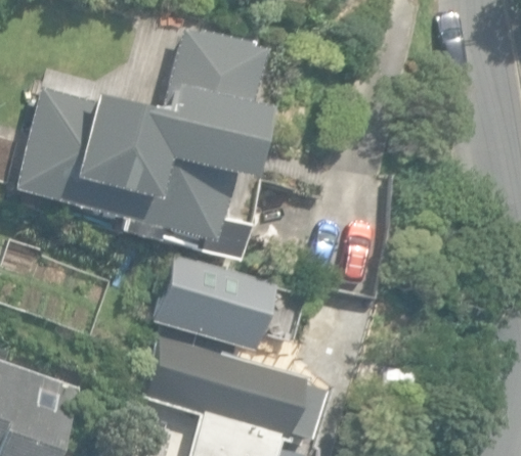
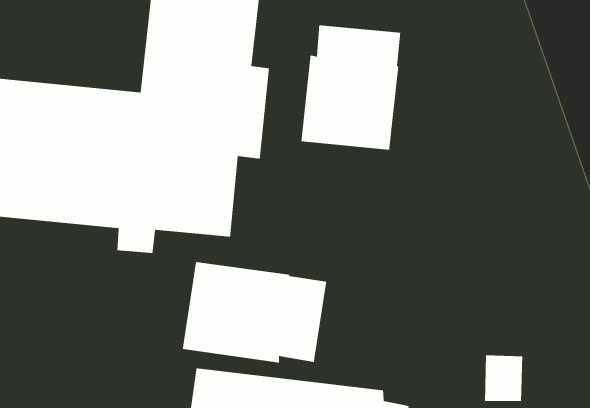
building: none -> [301,25,401,151]

